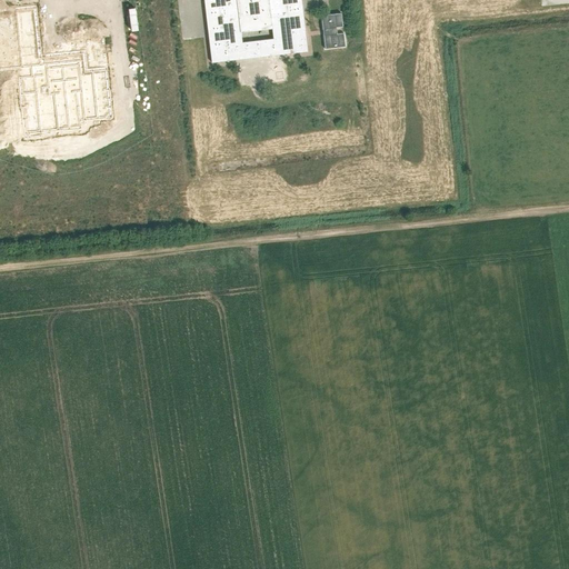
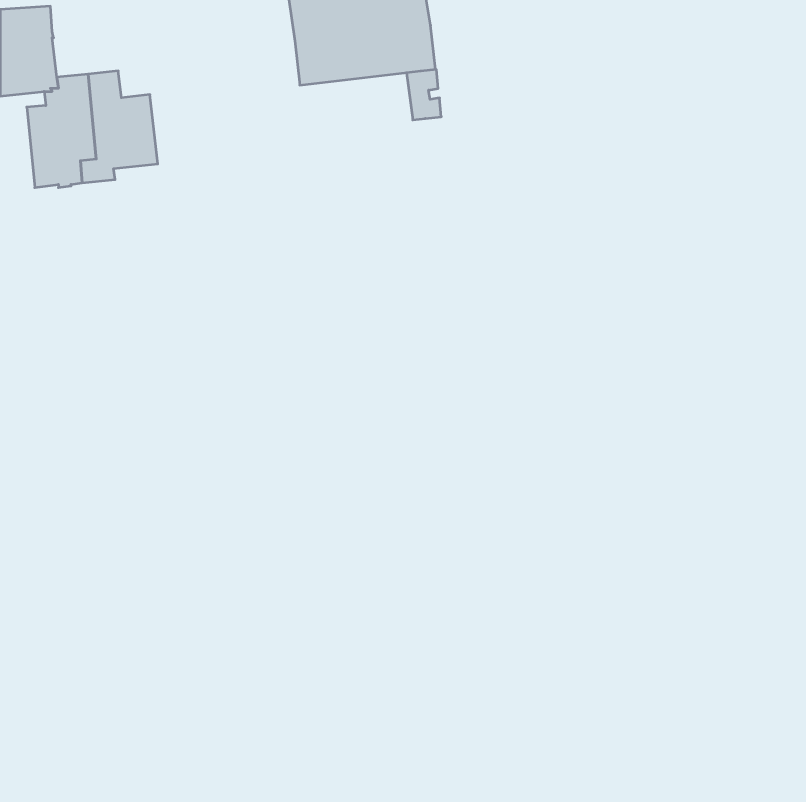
building: [320,11,345,47] -> [406,70,441,120]

